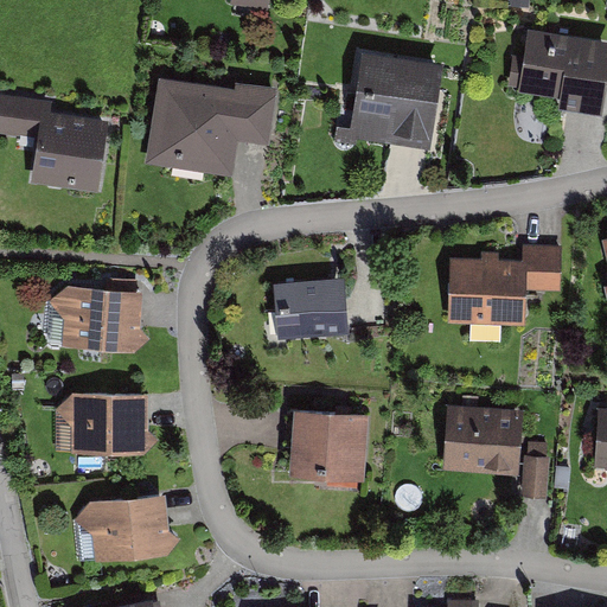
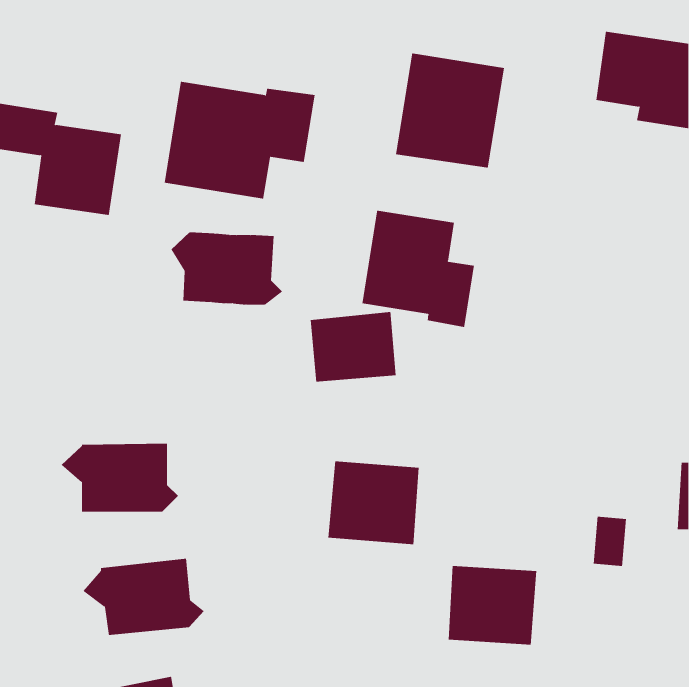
building: none -> [362,210,475,328]
building: [449,253,561,328] -> none
building: [50,286,148,350] -> [170,232,283,305]
building: [442,407,520,477] -> [448,565,537,645]

